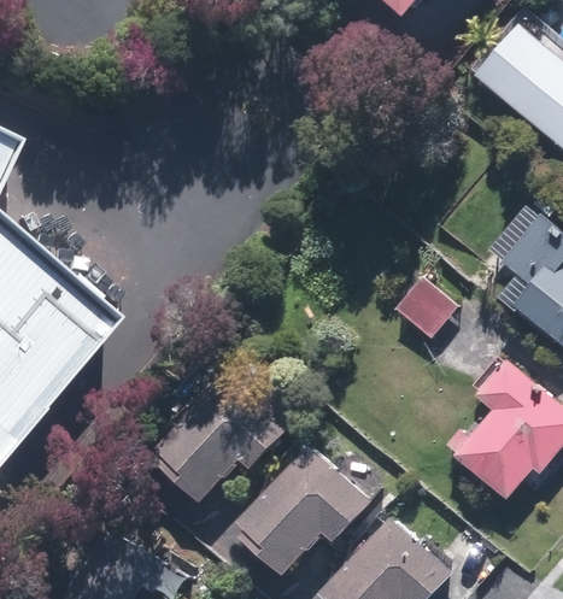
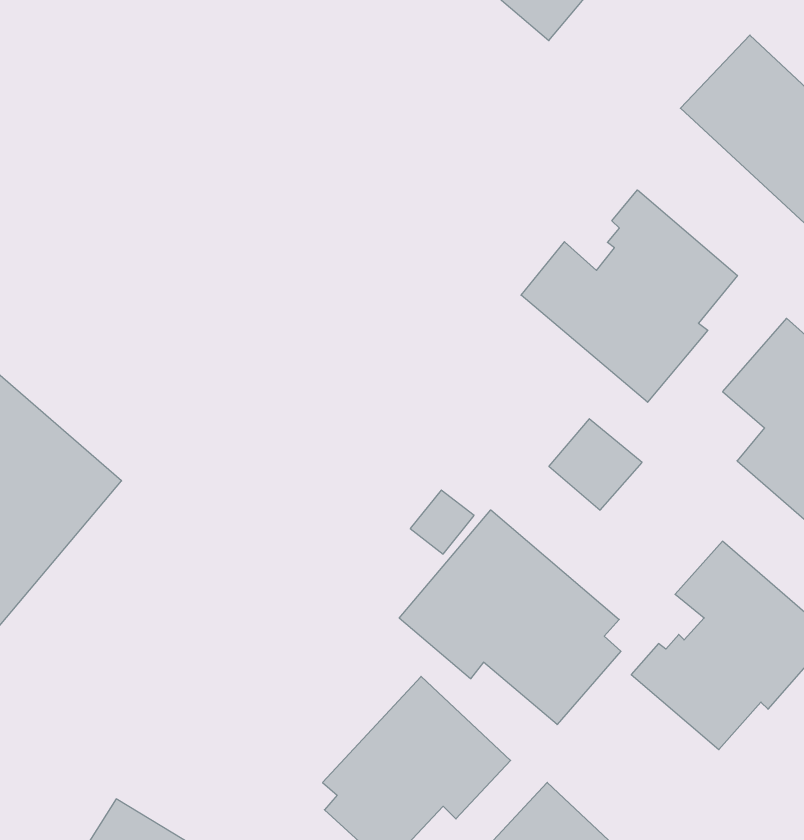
building: none -> [521,190,737,402]
building: none -> [399,510,621,725]
building: [160,375,285,501] -> none

